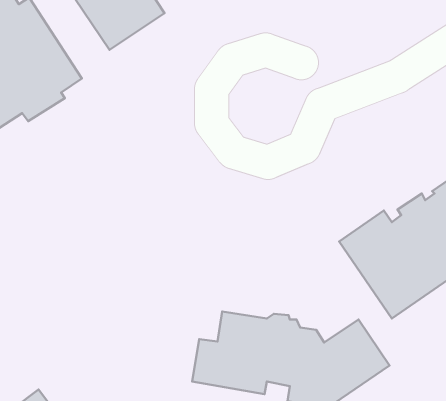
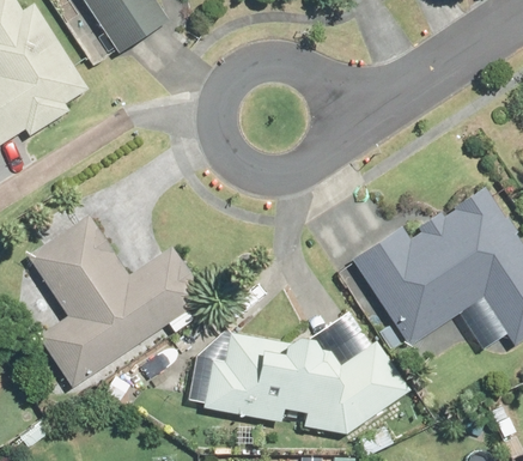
building: none -> [28,217,203,389]

